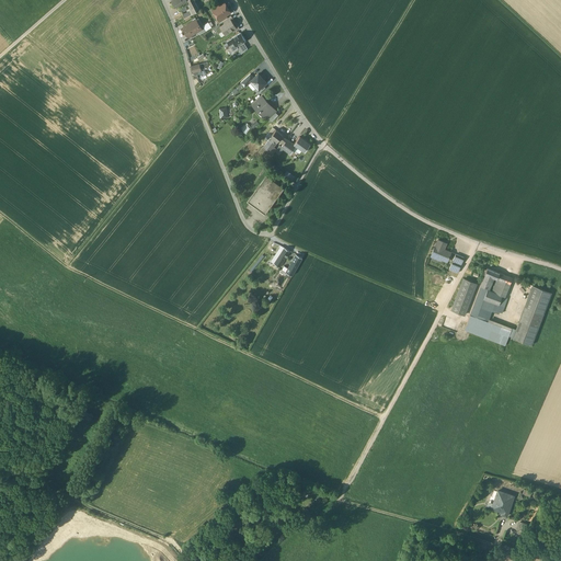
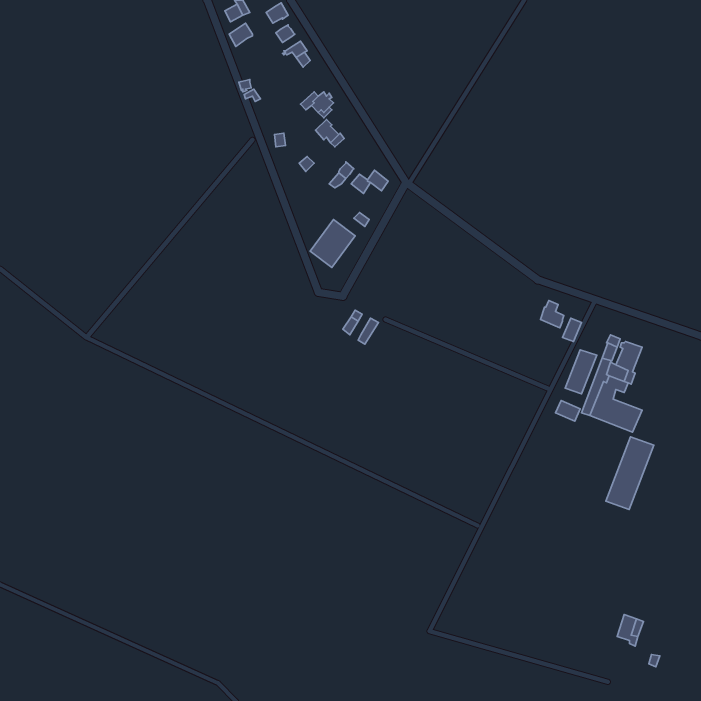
building: [513,286,551,344] -> [606,437,654,510]

